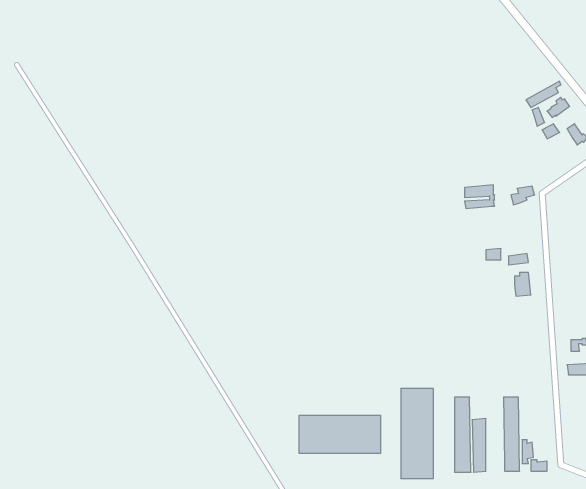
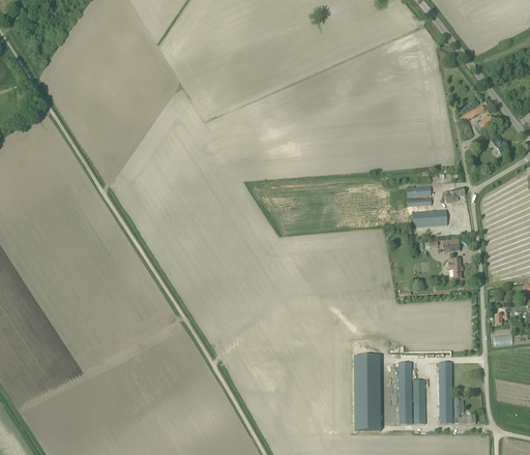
building: none -> [412,208,447,226]
building: [299,415,380,453] -> none

